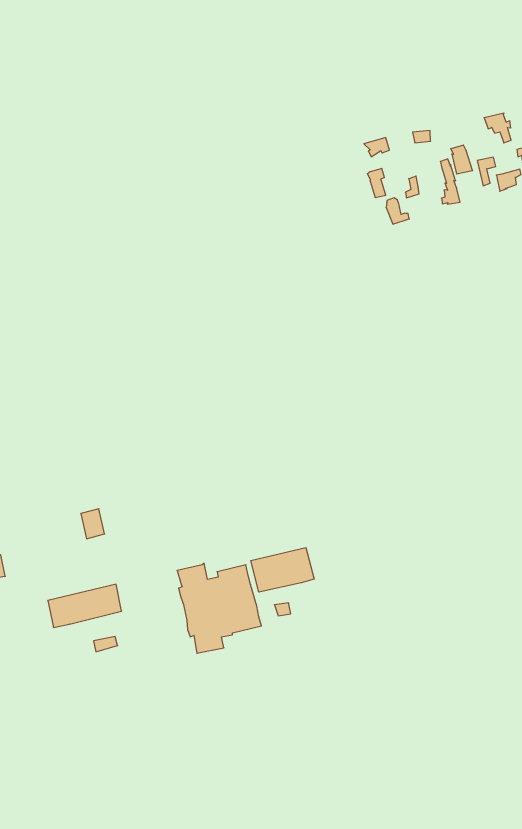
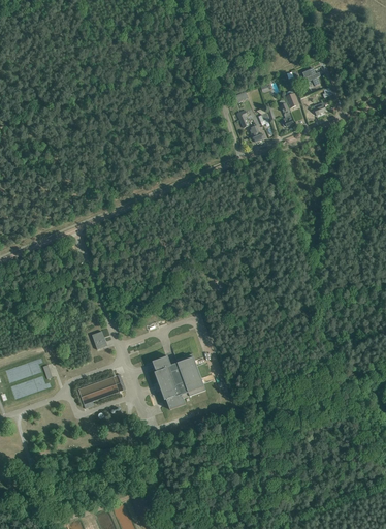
building: [251,548,314,592] -> none

